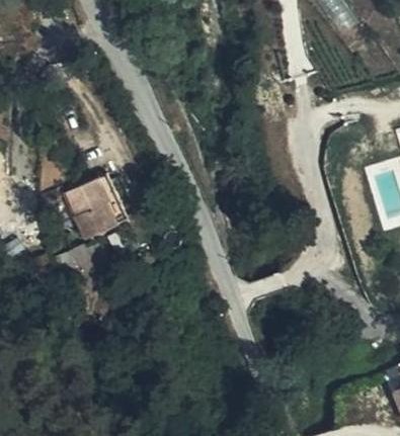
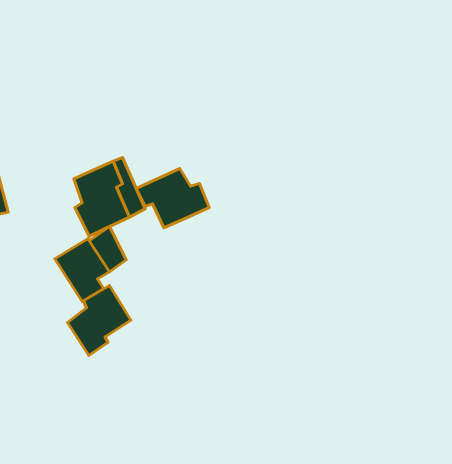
building: none -> [136,169,209,228]
building: none -> [68,285,131,356]

